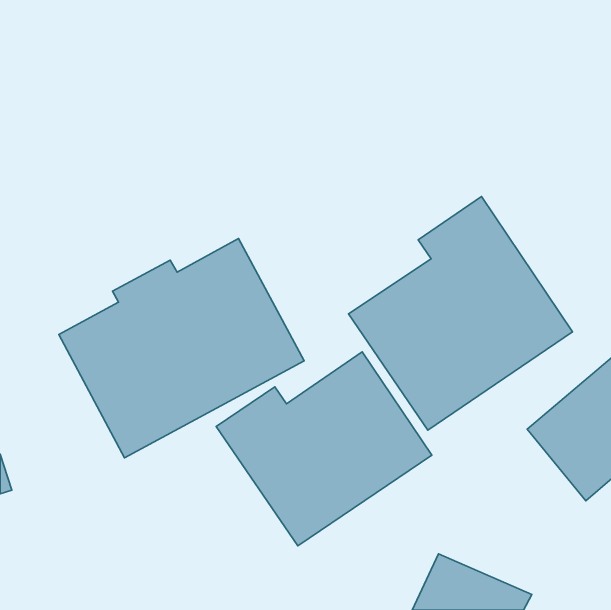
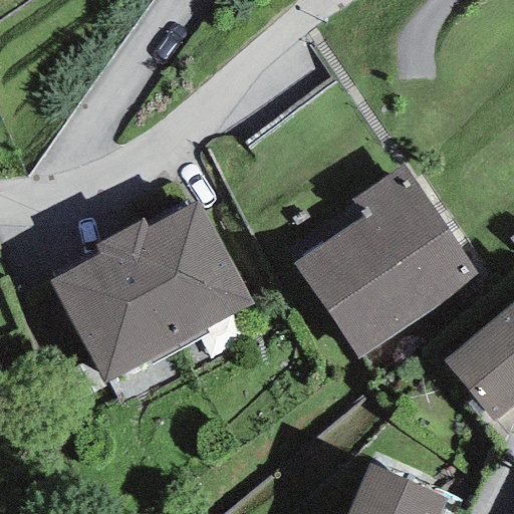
building: [216,352,432,546] -> none

